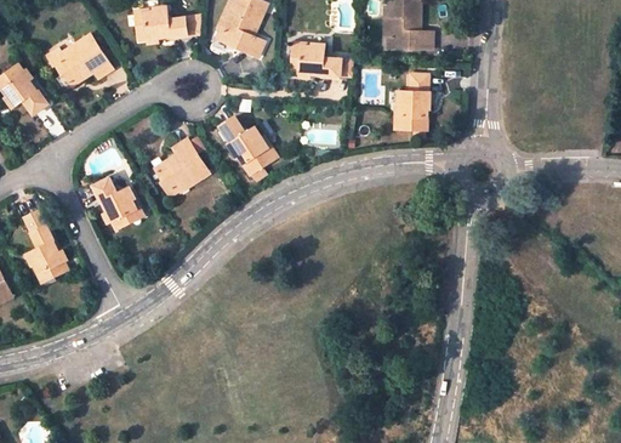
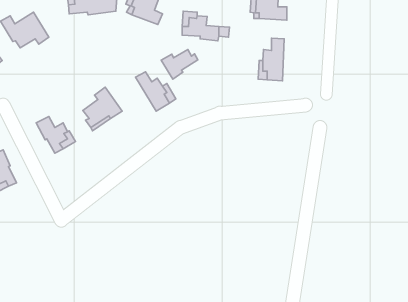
building: none -> [161,49,198,79]

